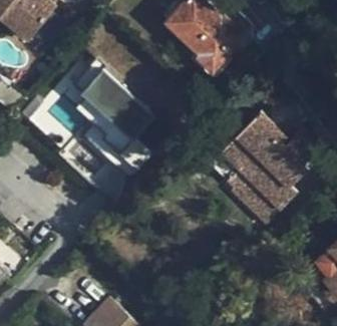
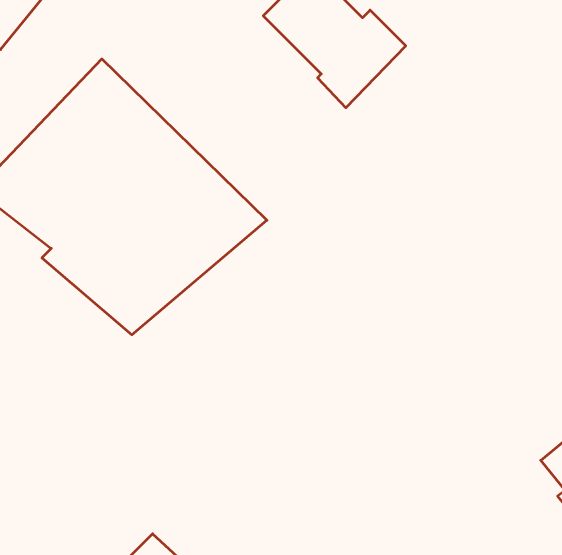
building: [221,114,318,227] -> none

